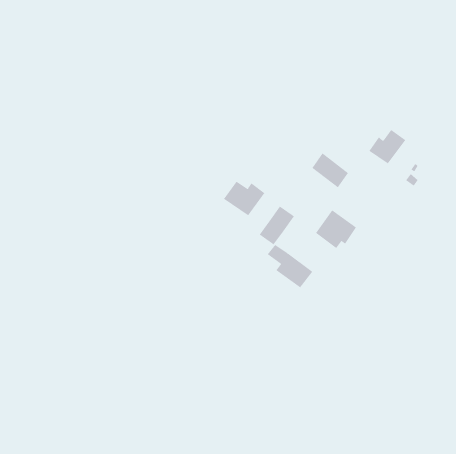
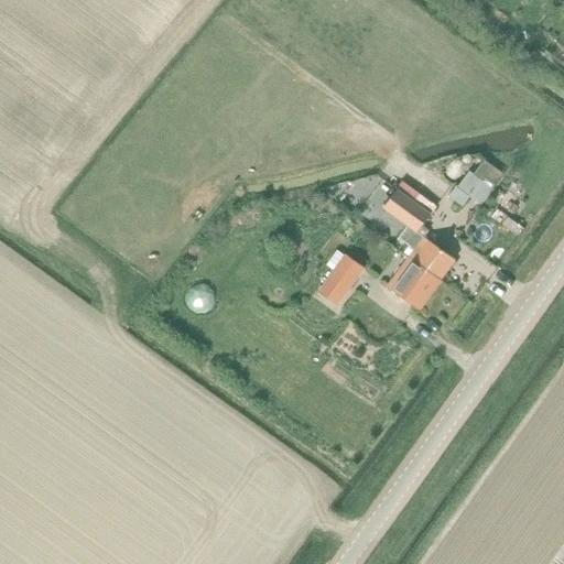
building: [223,181,265,216] -> none
building: [267,244,313,288] -> [399,227,456,281]

